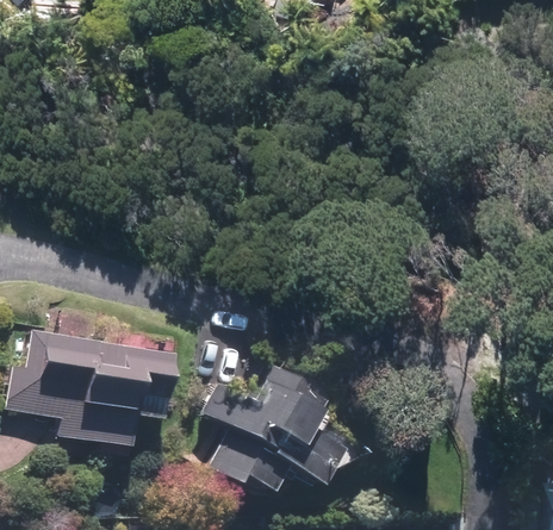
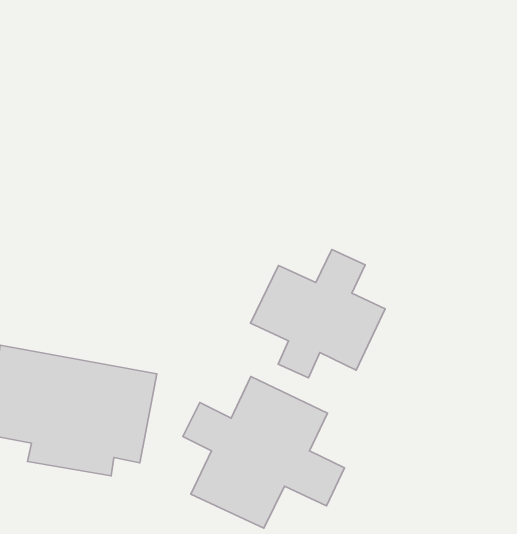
building: none -> [251,249,385,378]

